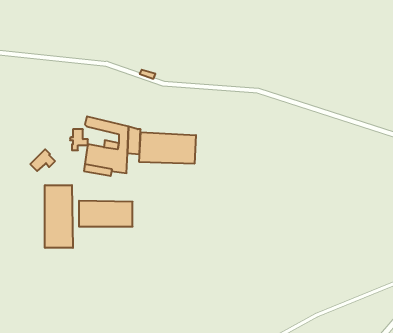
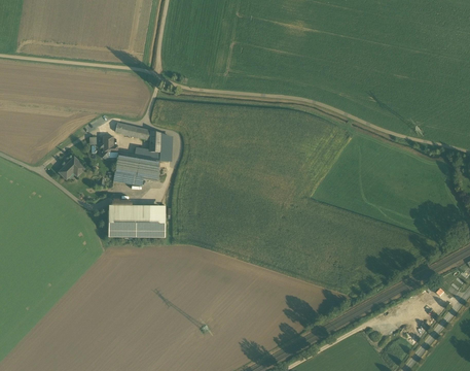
building: [139,132,196,164] -> none
building: [45,185,73,248] -> none

